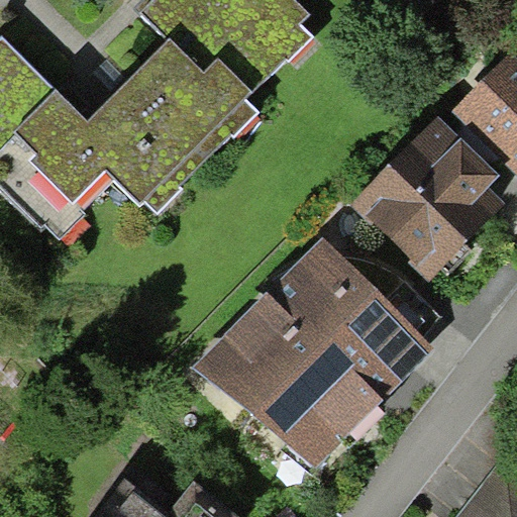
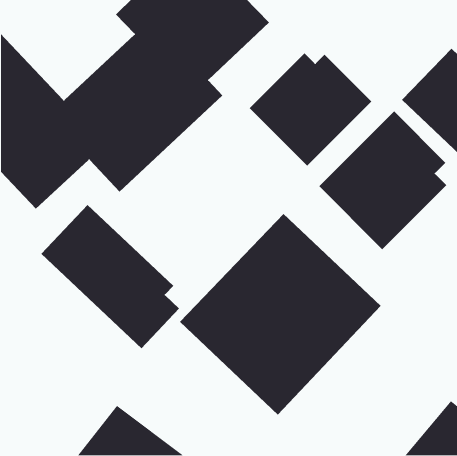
building: none -> [249,52,372,167]
building: none -> [41,204,180,349]

